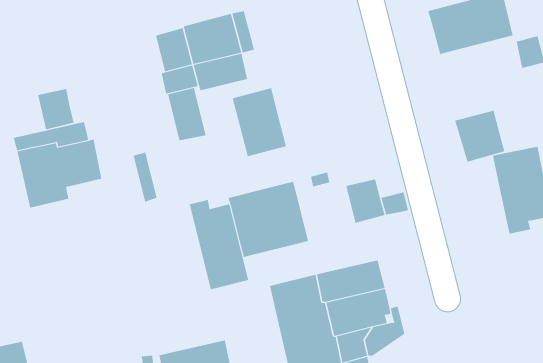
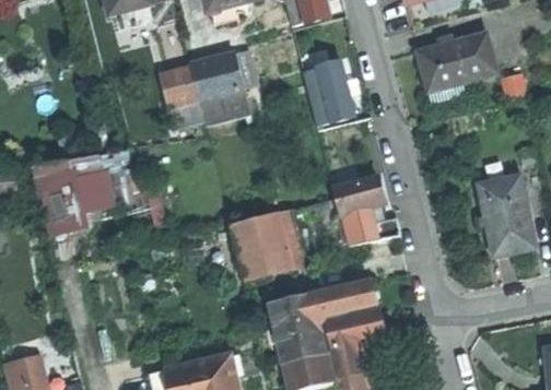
building: [168,87,206,141] -> none
building: [232,88,287,157] -> [302,60,353,125]
building: [38,88,74,130] -> none
building: [454,110,505,162] -> none
building: none -> [332,178,383,213]
building: [189,199,249,290] -> none

